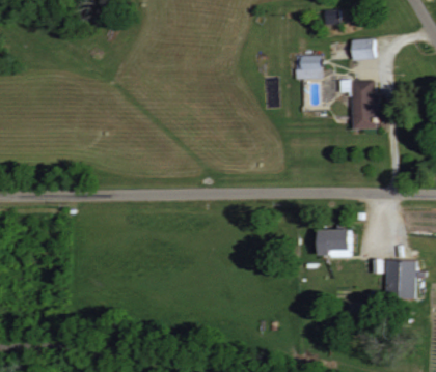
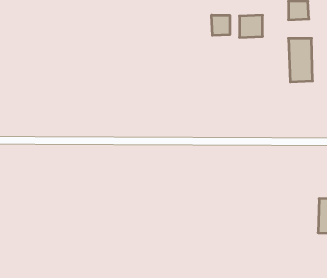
building: none -> [212,15,230,35]
building: [316,228,352,257] -> none

